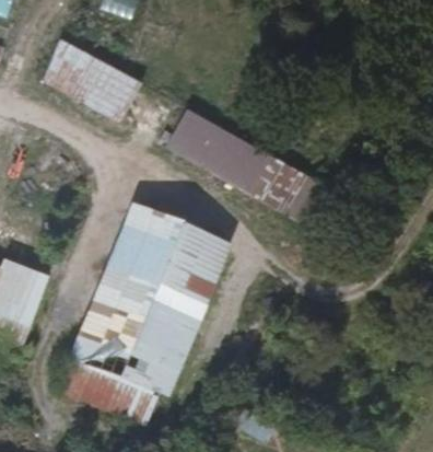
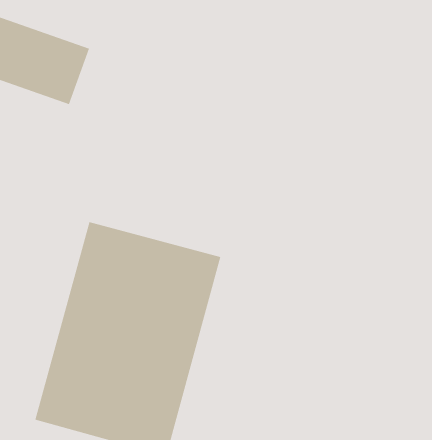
building: [166,109,318,220] -> none

